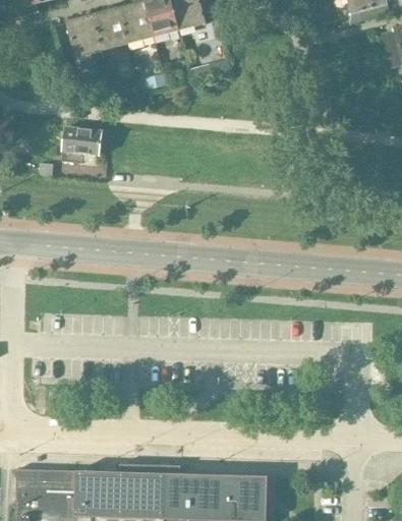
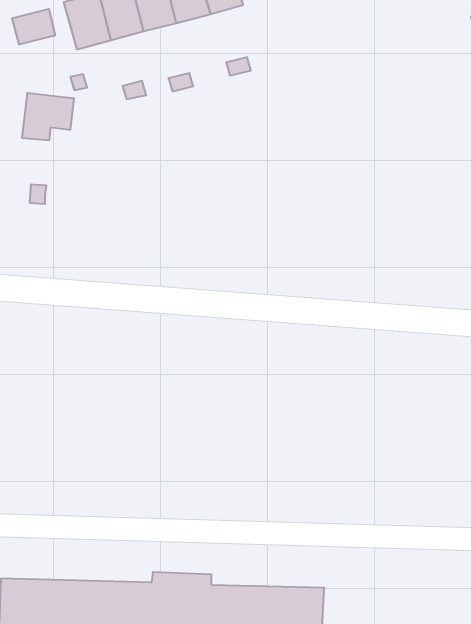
building: none -> [12,9,55,45]
building: [61,127,102,164] -> [22,93,74,140]

